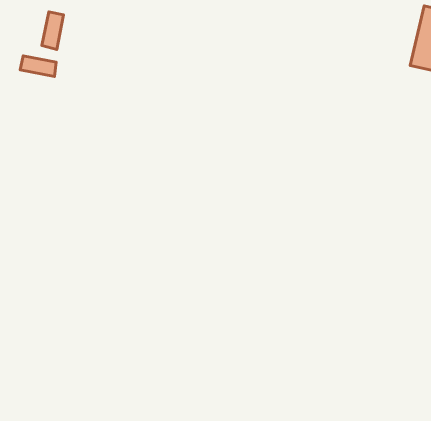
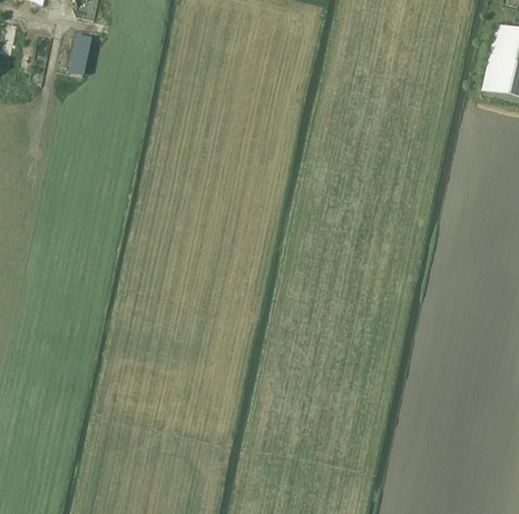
building: [20,56,56,77] -> none

